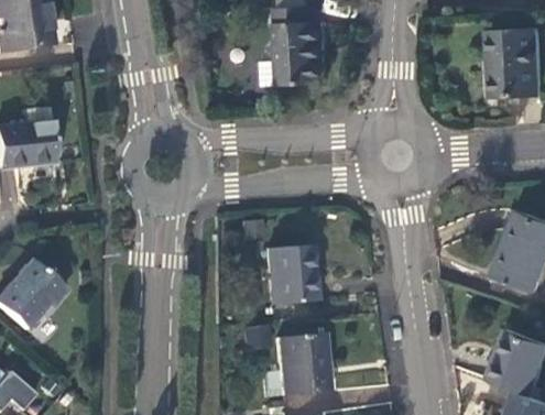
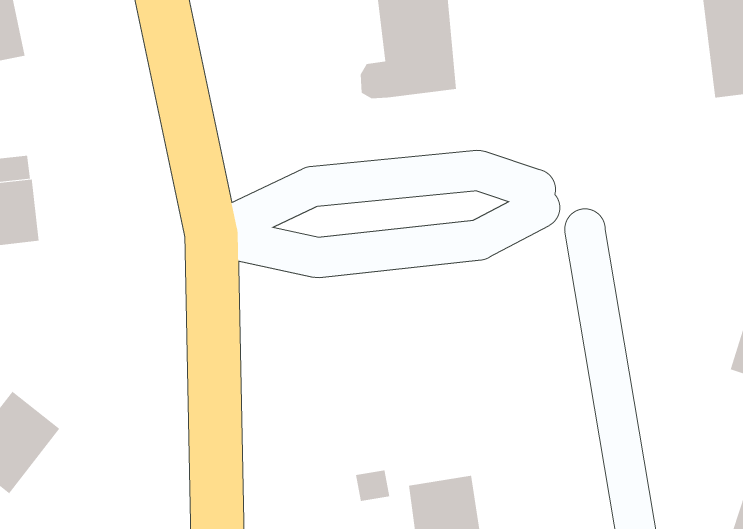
building: [272,245,321,305] -> none

